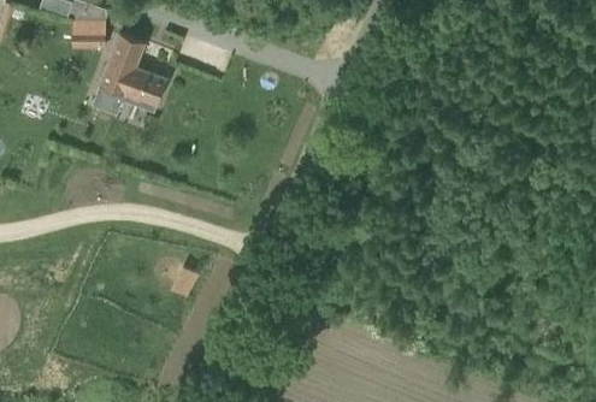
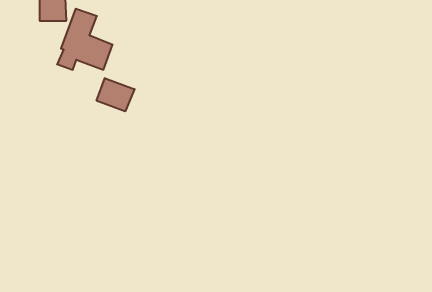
building: none -> [97,78,135,111]

